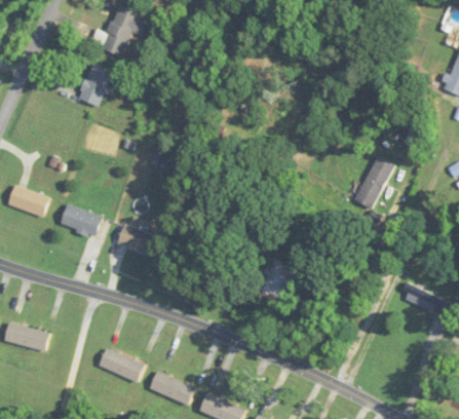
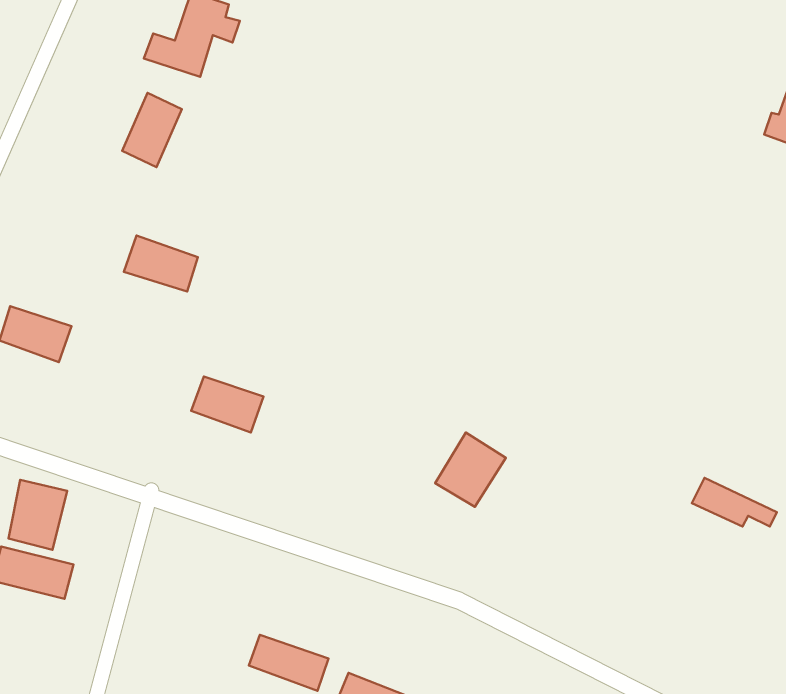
building: [353,155,394,210] -> none
building: [60,203,102,235] -> [124,236,198,292]
building: none -> [8,480,67,550]
building: [99,347,145,382] -> none

